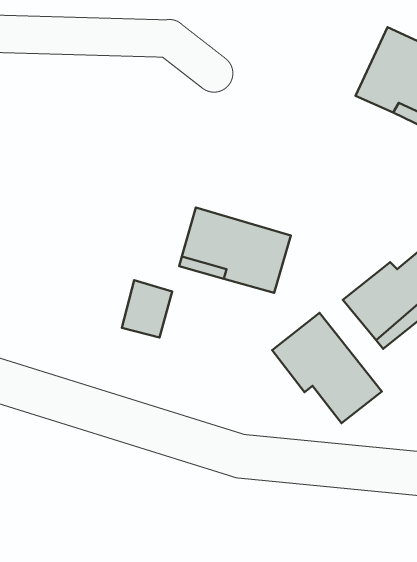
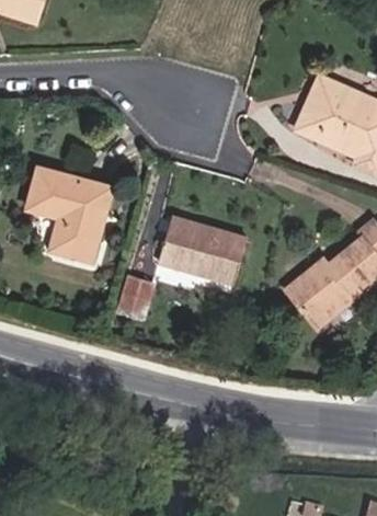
building: none -> [28,165,112,260]
building: [272,313,382,423] -> none

